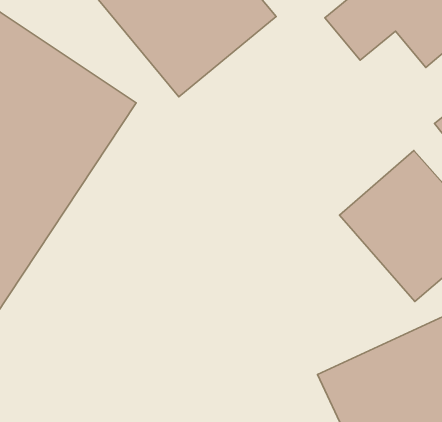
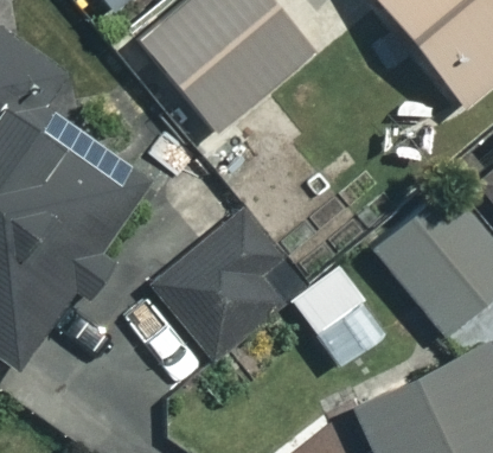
building: none -> [154,210,308,362]

